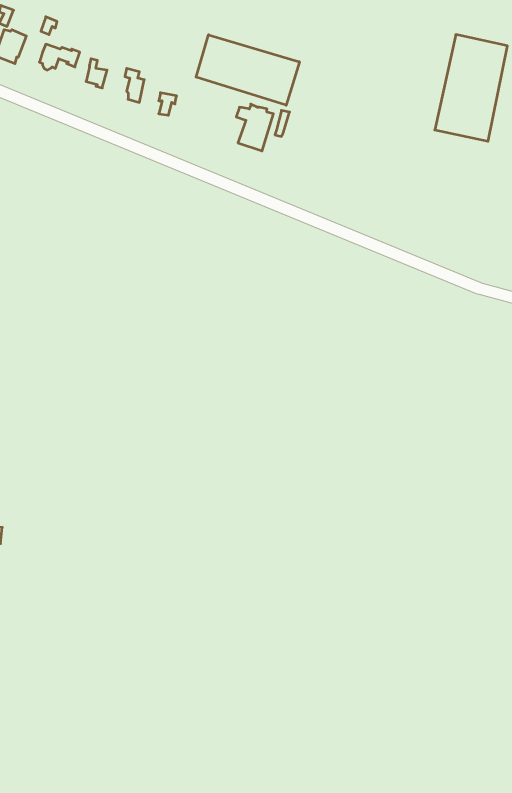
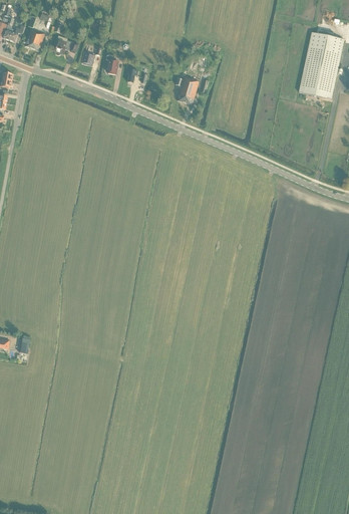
building: [196,35,299,105] -> none

